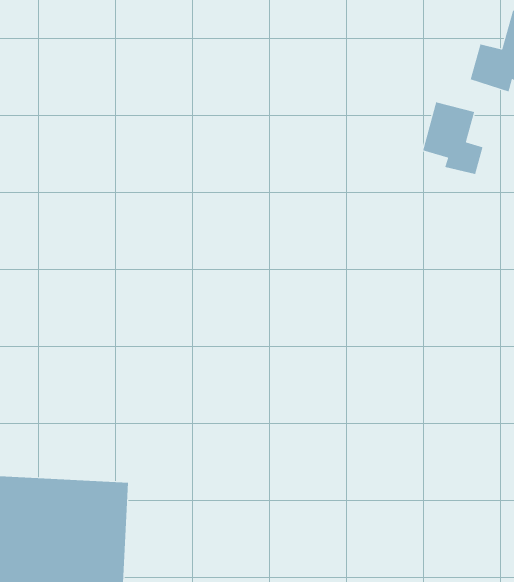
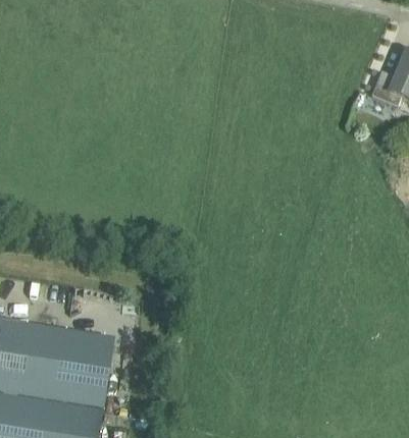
building: [422,101,483,175] -> none

